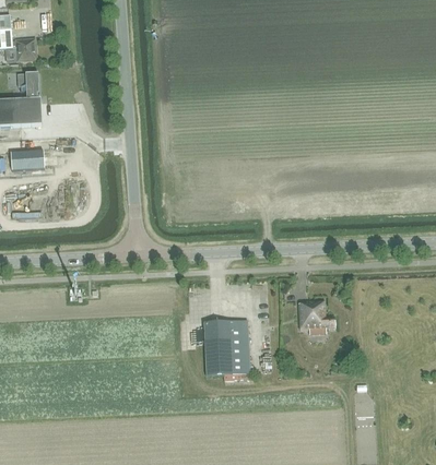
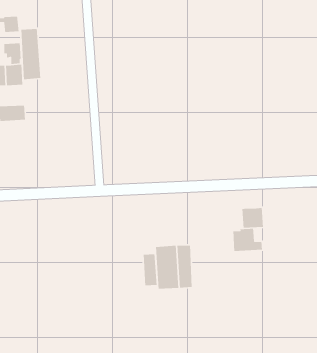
building: none -> [20,28,41,80]
building: none -> [241,207,264,229]
building: none -> [143,253,157,286]

